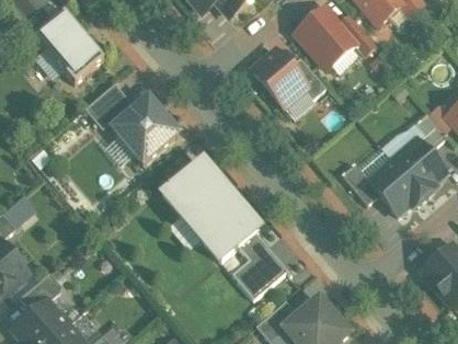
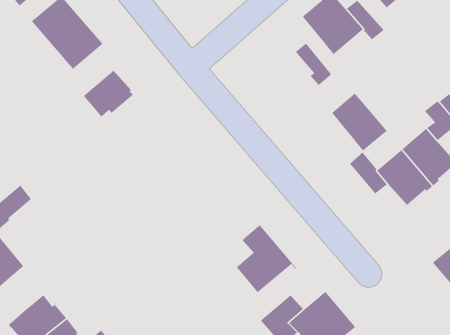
building: [252,48,307,105] -> [331,93,388,151]
building: [112,94,179,162] -> none
building: [162,159,259,261] -> none
building: [20,271,60,311] -> none

